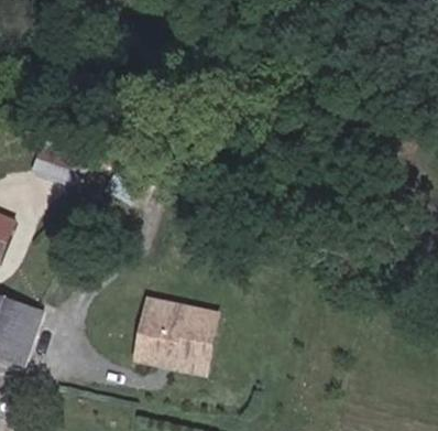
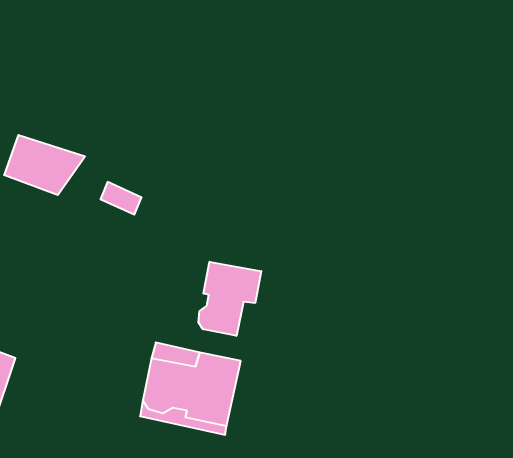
building: none -> [198,262,261,336]

